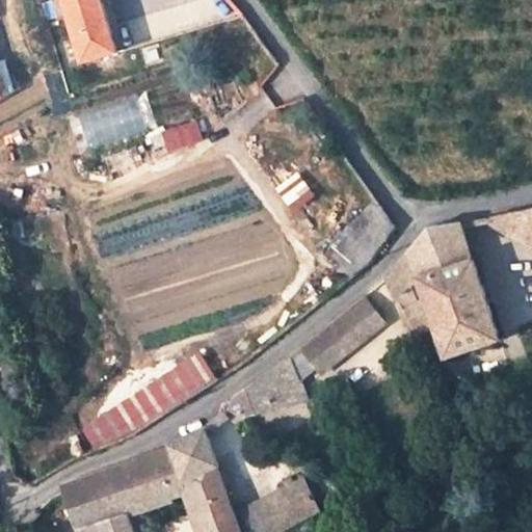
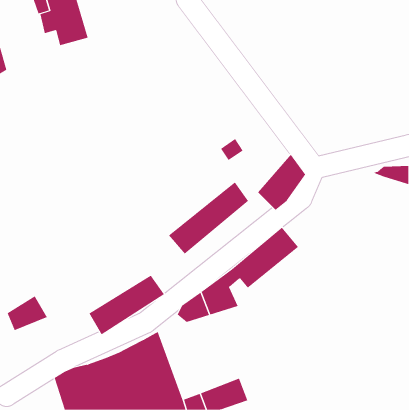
building: [382,222,500,361] -> none
building: none -> [168,182,249,255]
building: [78,405,131,451] -> [7,296,48,331]

